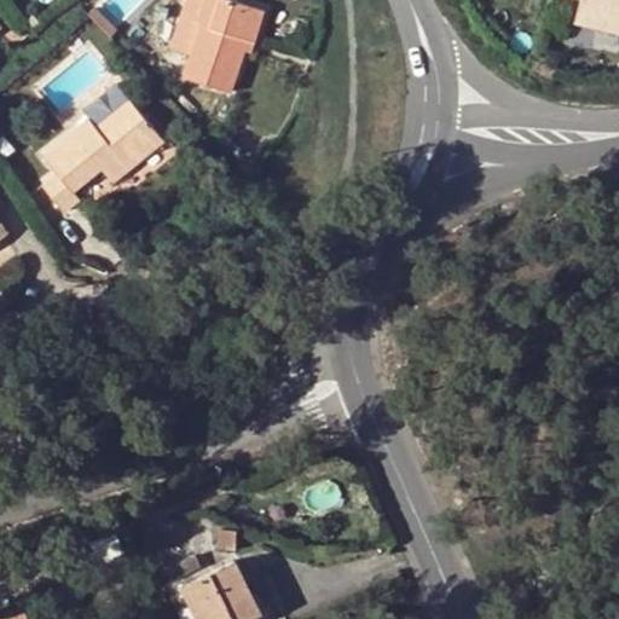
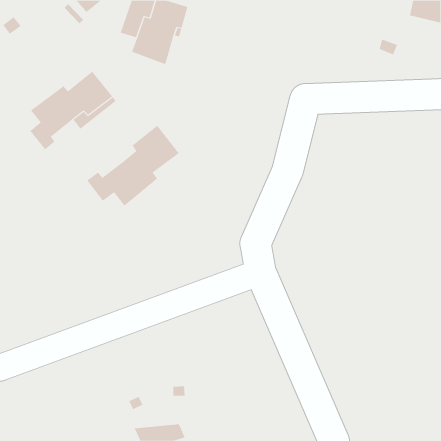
building: none -> [87,125,179,207]
building: [181,562,251,600] -> none

